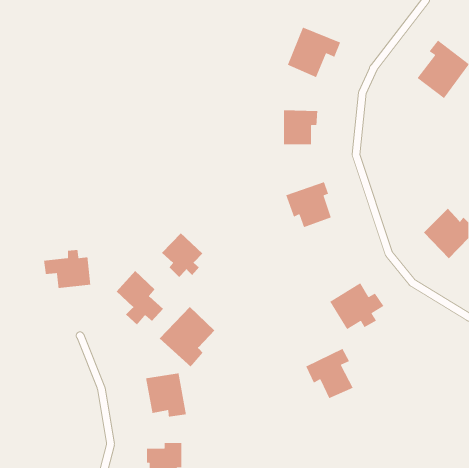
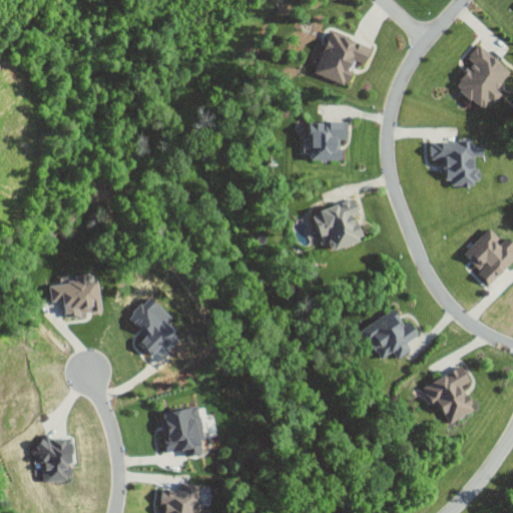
building: none -> [430,141,483,186]
building: [161,232,203,278] -> none
building: [159,306,215,368] -> none
building: [305,348,354,399] -> [422,368,475,424]
building: none -> [33,439,71,483]

